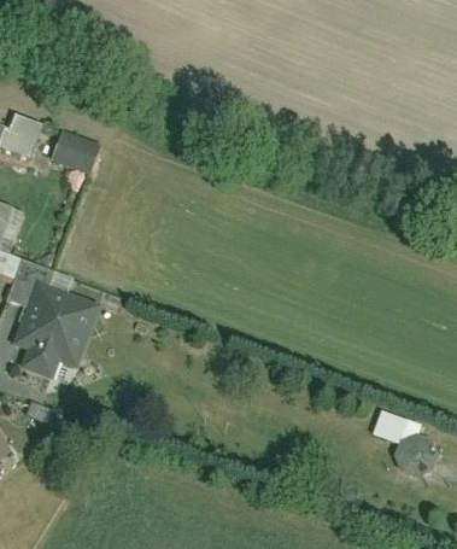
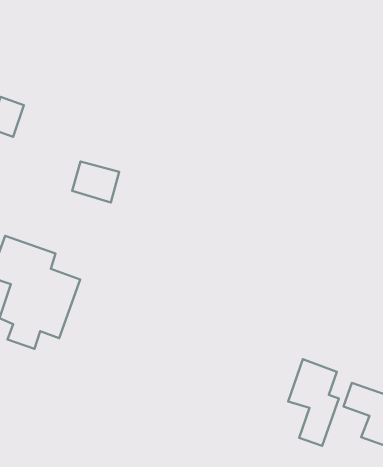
building: [48,132,96,174] -> [72,161,119,203]
building: none -> [288,359,339,446]

